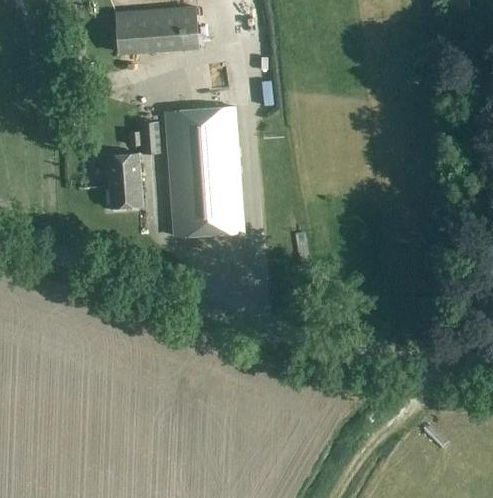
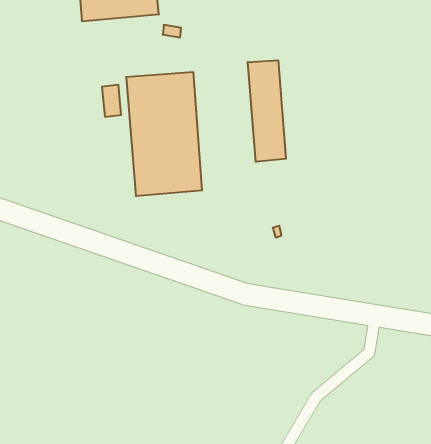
building: none -> [248,60,286,162]
building: [106,153,142,208] -> none

